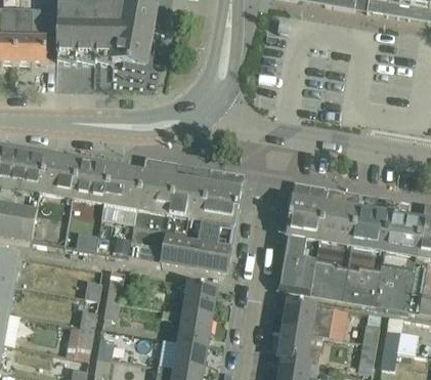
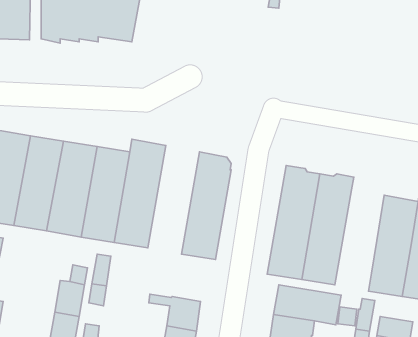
building: [160,164,210,269] -> none
building: [341,207,389,305] -> none
building: [183,283,216,315] -> none

